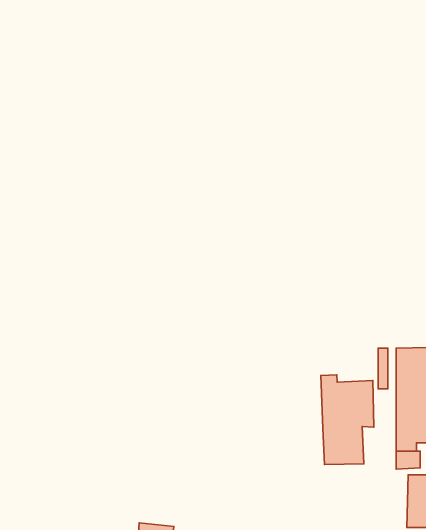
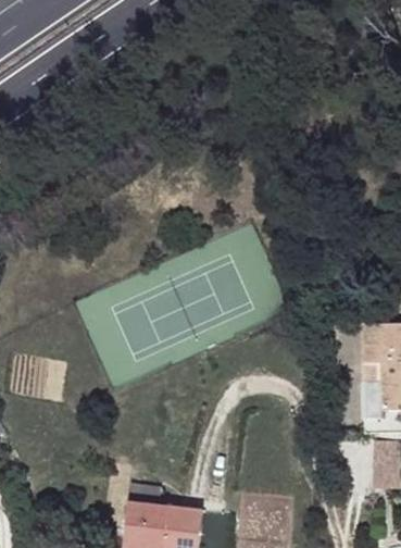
building: [321,375,374,465] -> none

